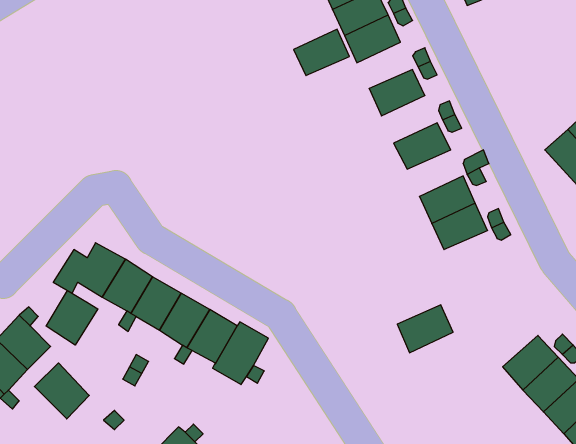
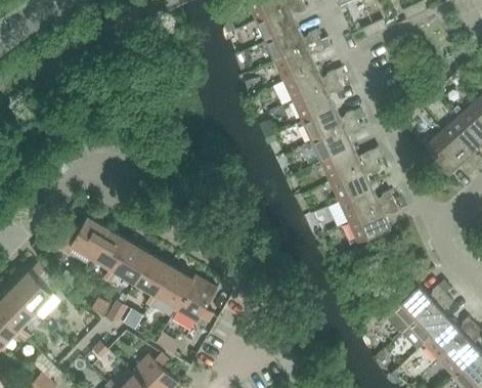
building: [294,29,349,76] -> [283,67,325,101]
building: none -> [302,106,344,142]
building: none -> [321,147,363,182]
building: [46,291,98,345] -> none
building: [397,305,453,353] -> [349,208,391,244]
building: [34,363,89,419] -> none

